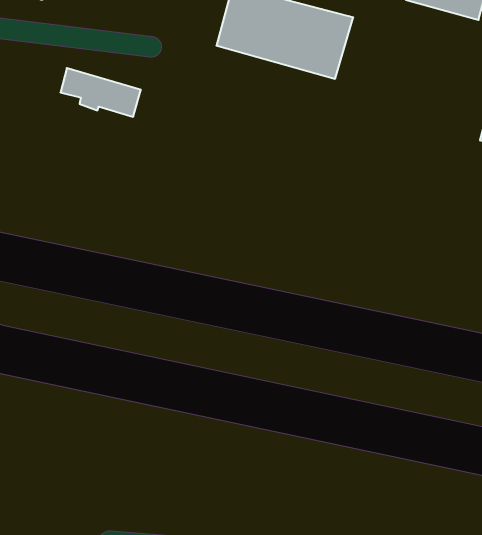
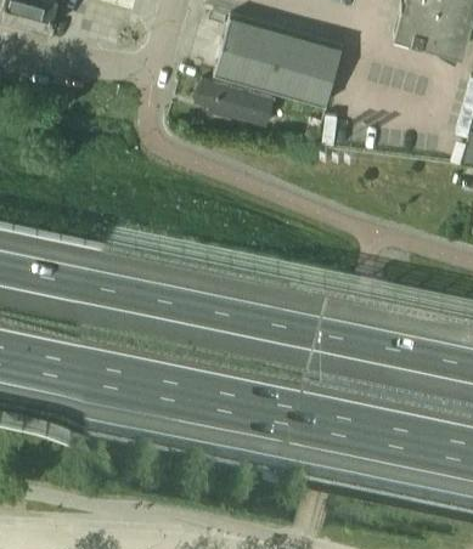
building: [60,68,141,117] -> [195,81,271,128]

